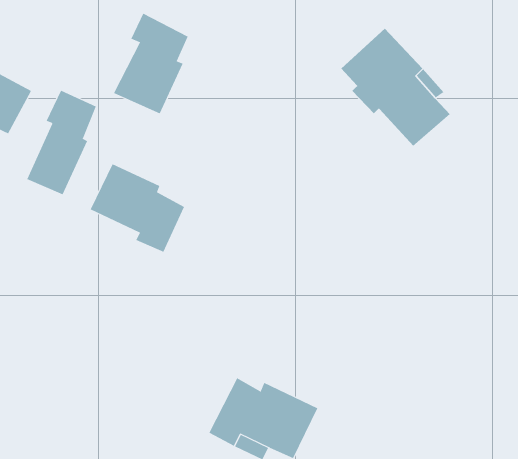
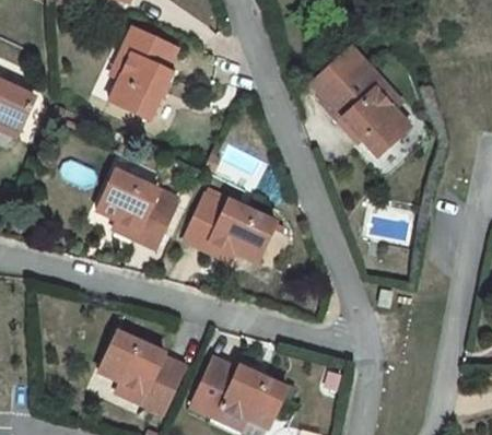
building: [26,90,96,195] -> none
building: none -> [186,196,279,264]
building: none -> [101,330,184,414]

